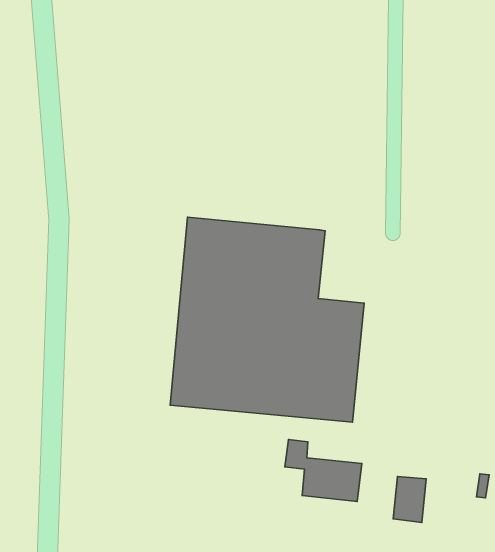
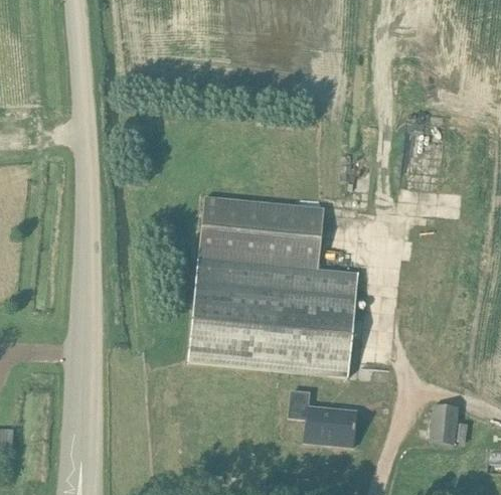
building: [393,477,426,522] -> [430,404,459,445]

